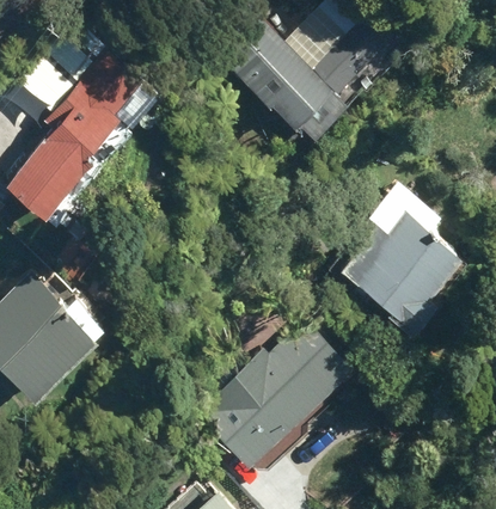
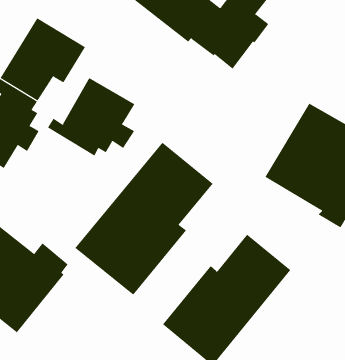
building: none -> [47,77,135,156]
building: none -> [74,142,214,296]

